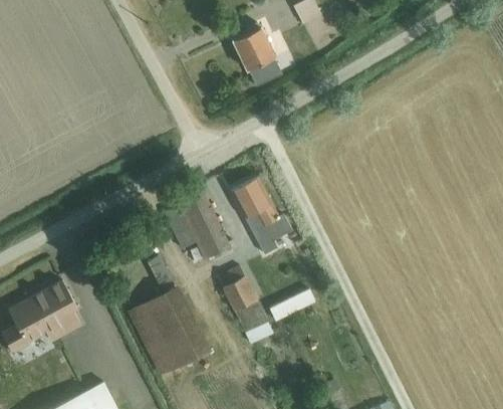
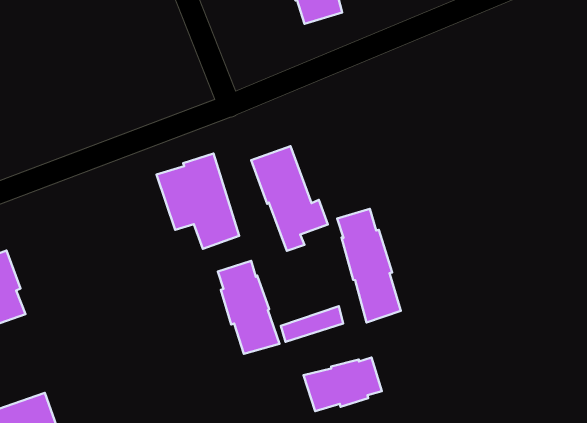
building: none -> [337,209,401,322]
building: [129,254,212,375] -> none
building: none -> [303,357,382,411]

